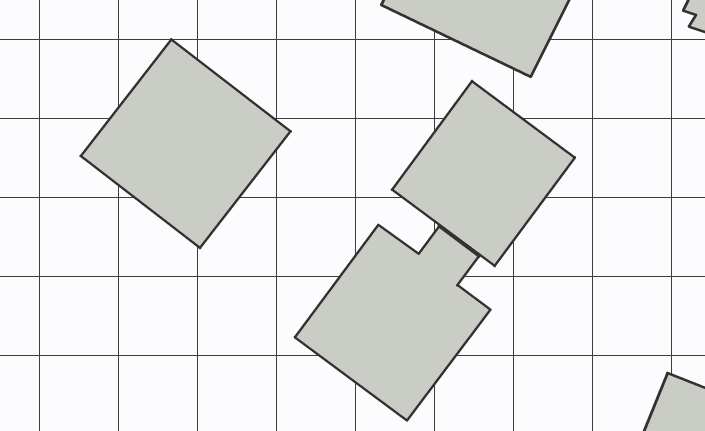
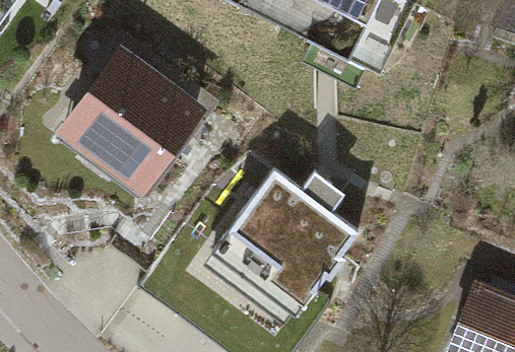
building: [392,81,575,266] -> none

